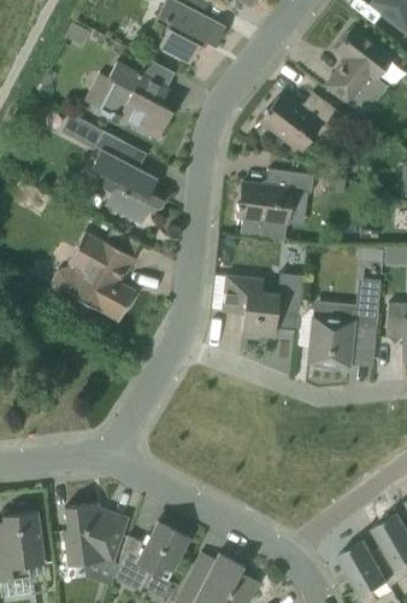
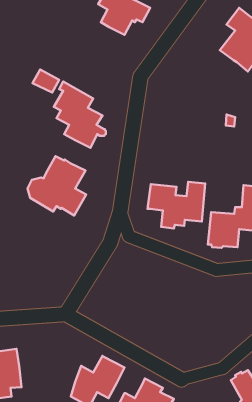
building: [98,62,172,139] -> none
building: [260,92,341,151] -> none
building: [236,169,313,240] -> none
building: [63,503,128,564] -> none

